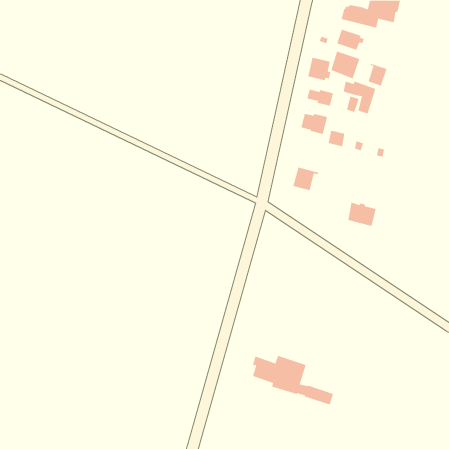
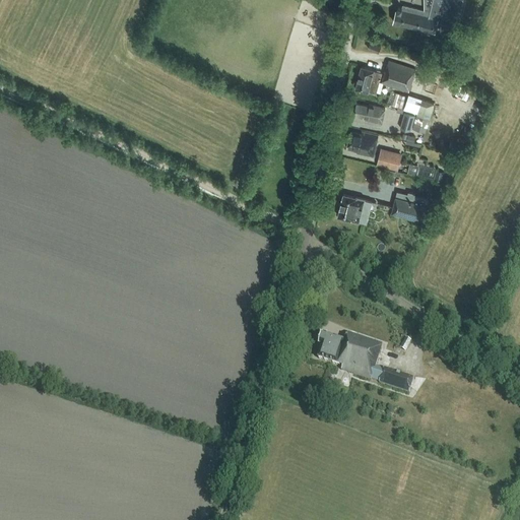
building: [336,29,364,50] -> none
building: [368,62,387,86] -> none
building: [347,202,376,226] -> [394,191,428,219]
building: [252,355,334,405] -> [318,335,412,393]

